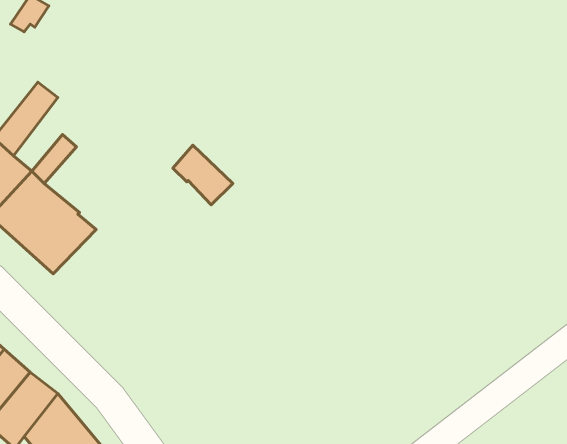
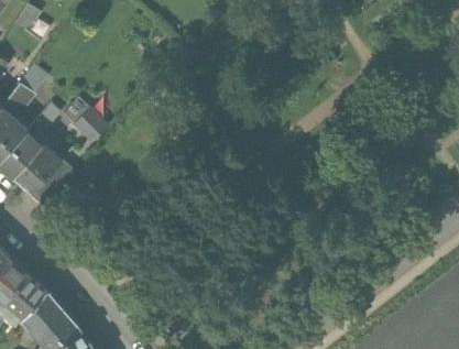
building: [173,145,233,205] -> [63,98,106,141]

